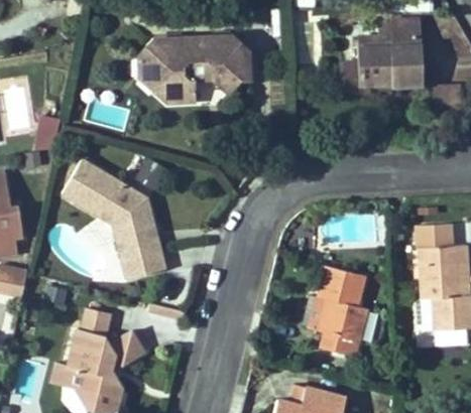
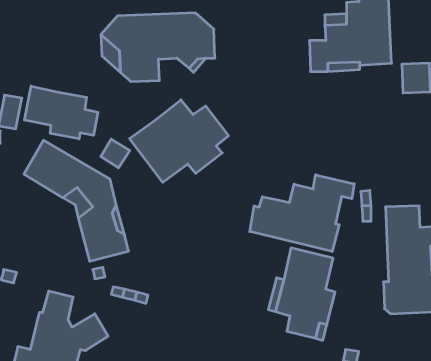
building: none -> [24,86,98,139]
building: none -> [130,100,228,182]
building: none -> [250,175,354,252]

